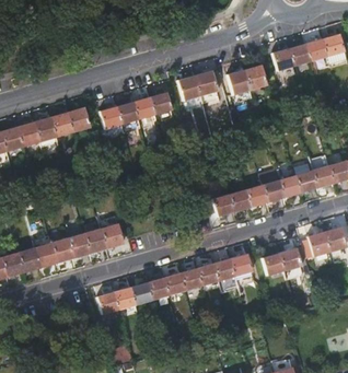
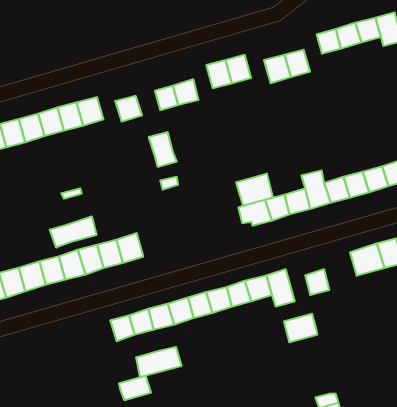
building: [120,101,144,130] -> [149,132,177,167]
building: none -> [236,173,273,205]
building: none -> [50,216,96,248]
building: [281,246,310,270] -> [284,314,317,342]
building: none -> [136,347,181,377]

